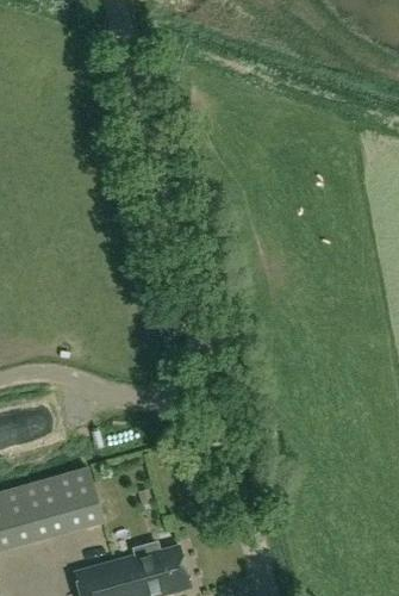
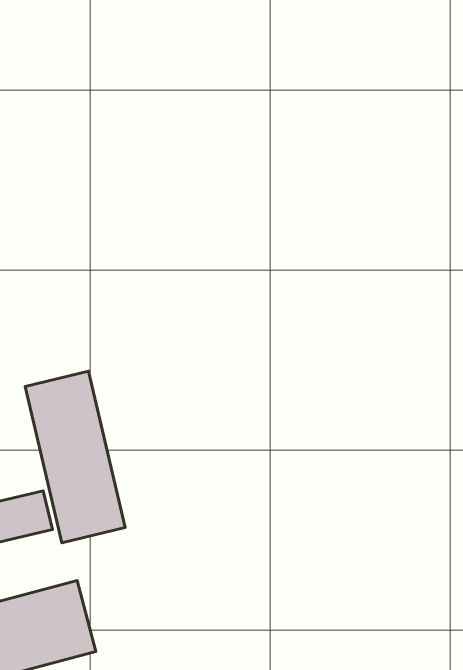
building: none -> [25,371,125,543]

